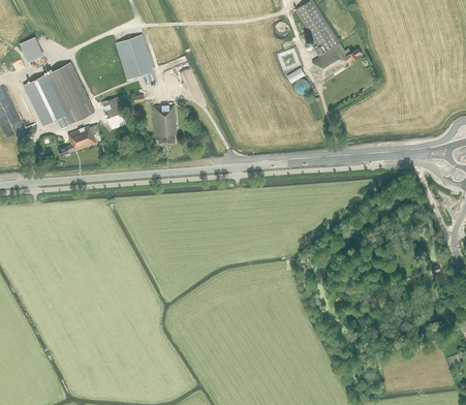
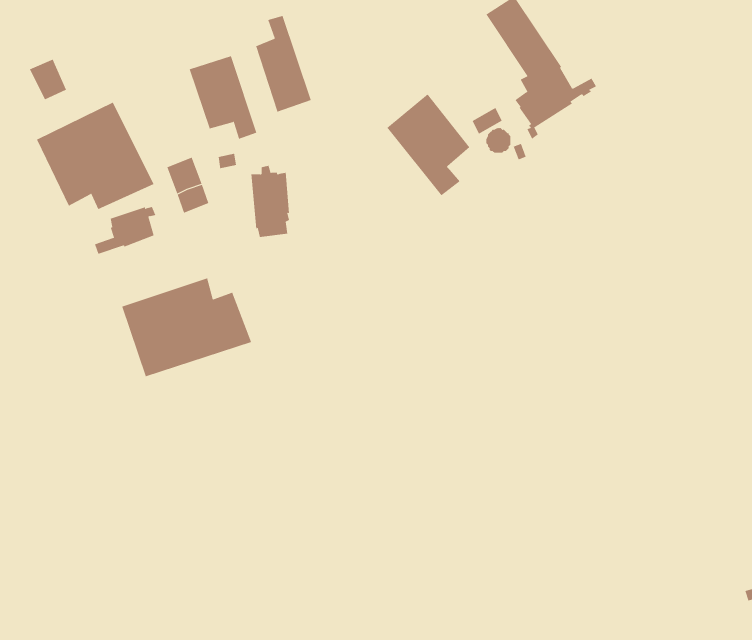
building: none -> [255,15,311,112]
building: none -> [386,94,470,196]
building: none -> [122,277,252,377]

